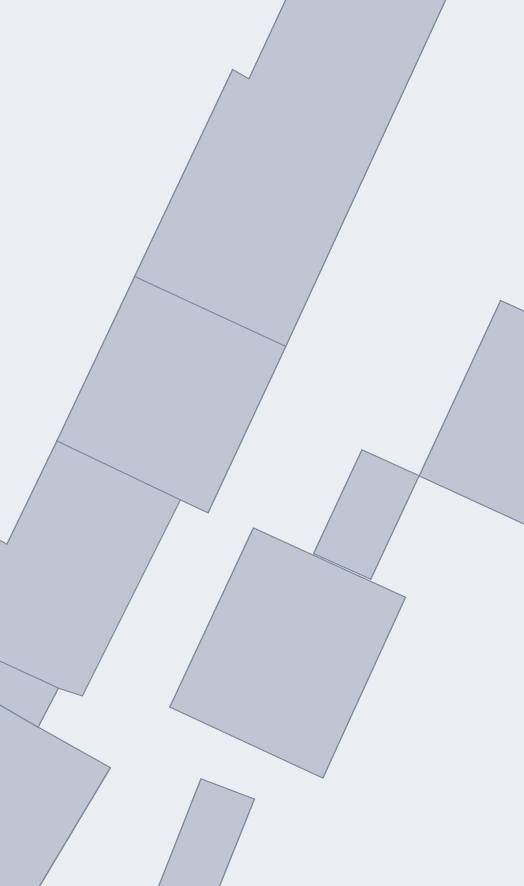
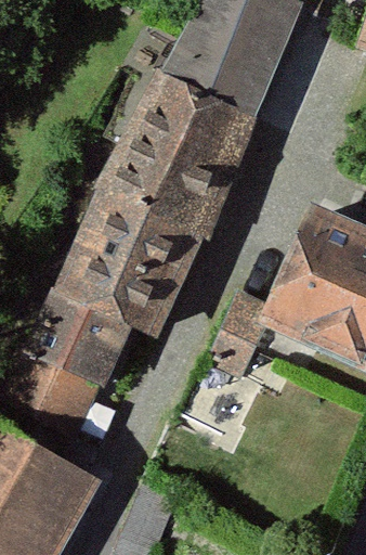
building: [170,528,405,778] -> none

